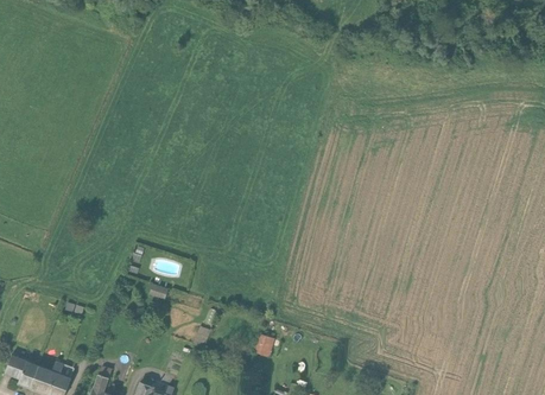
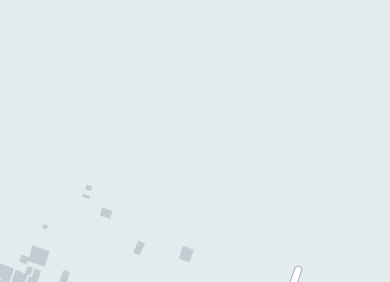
building: none -> [18,244,51,268]

